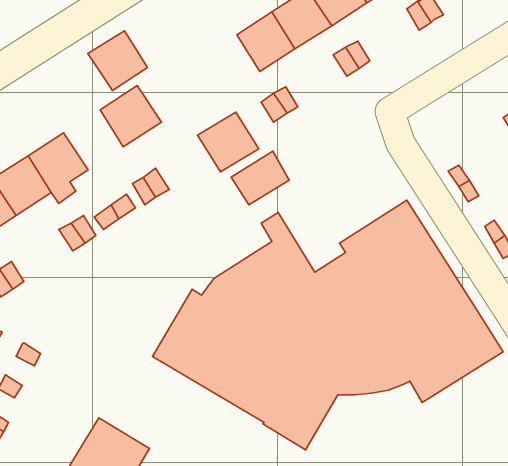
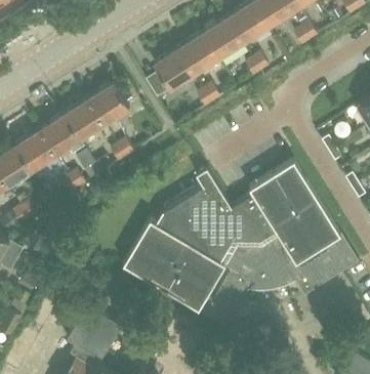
building: [88,31,148,90] -> [64,100,104,140]
building: [198,112,259,172] -> [154,50,195,90]
building: [231,151,289,205] -> none

